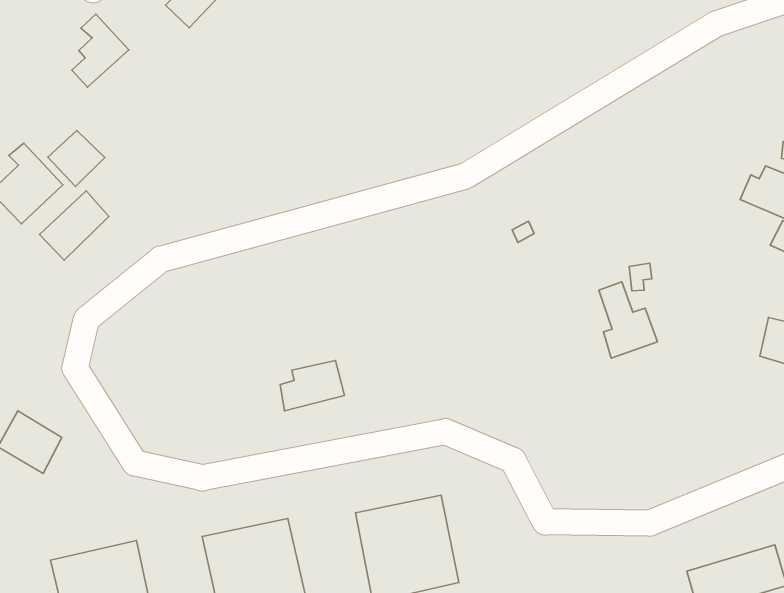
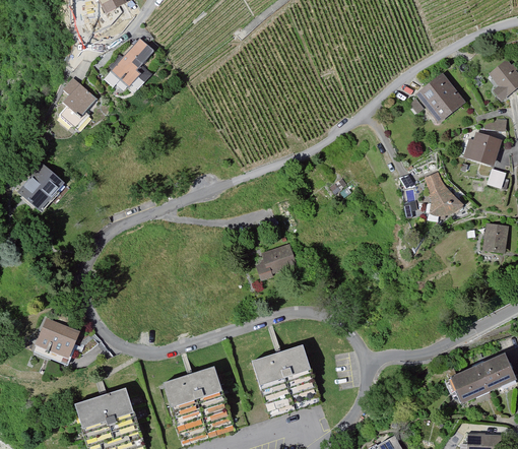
building: none -> [418,74,463,119]
building: [48,130,105,187] -> none
building: [40,191,109,260] -> none
building: [599,282,657,358] -> [424,172,461,217]
building: [280,360,344,411] -> [256,244,295,276]

